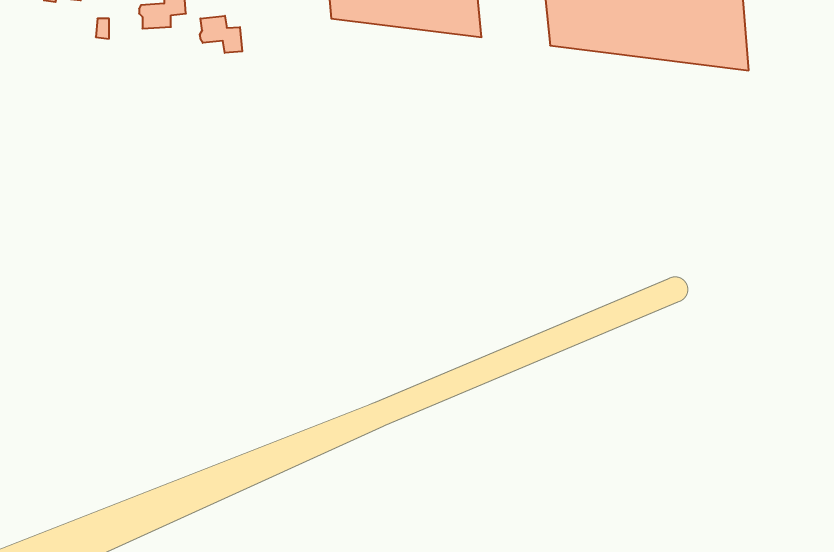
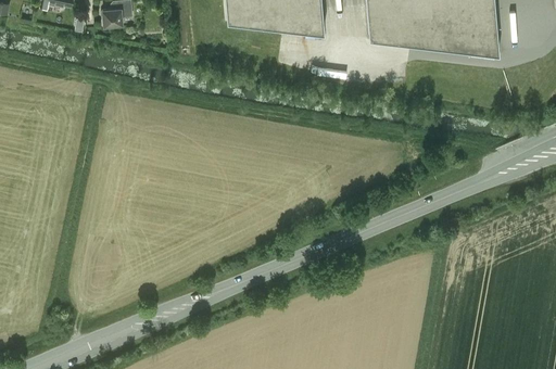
building: [200,16,242,53] -> none

